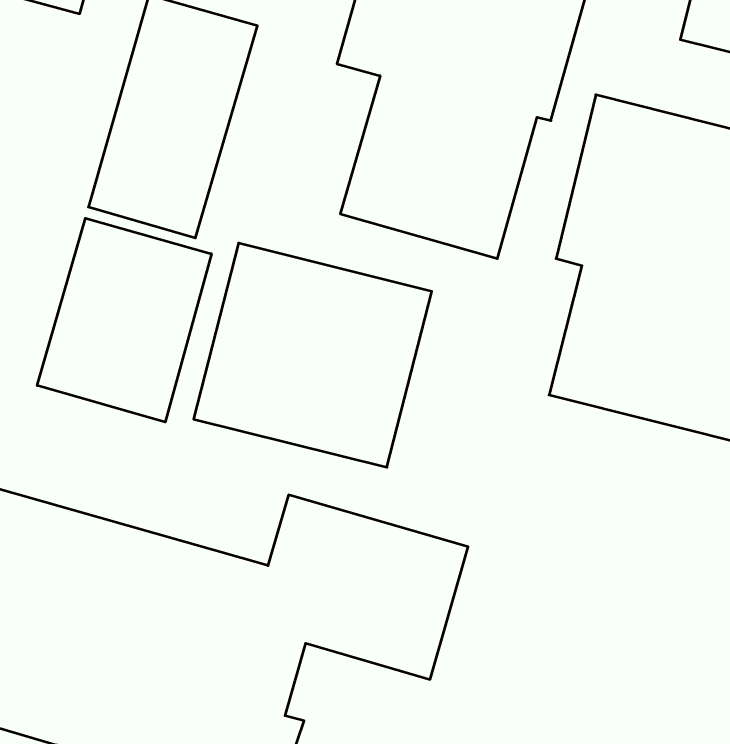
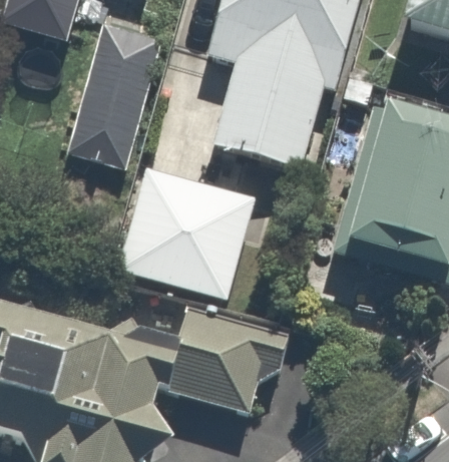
building: [37,218,211,422] -> none

